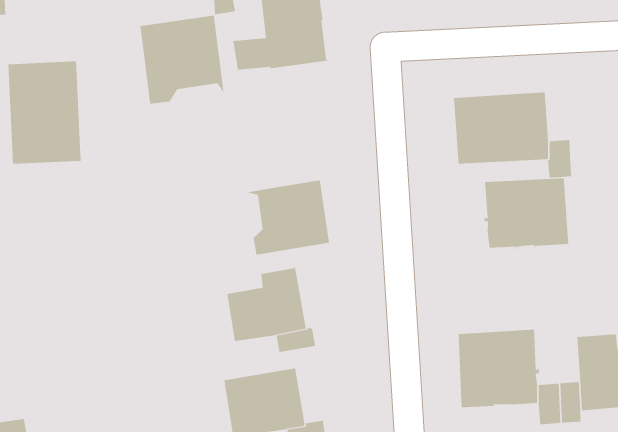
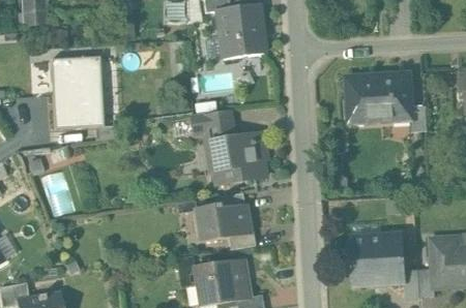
building: [140,15,224,105] -> none
building: none -> [193,111,234,142]
building: [484,177,569,250] -> none

